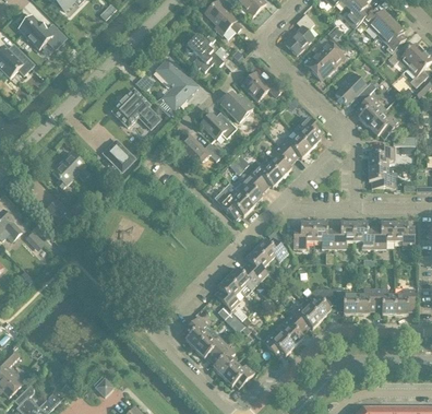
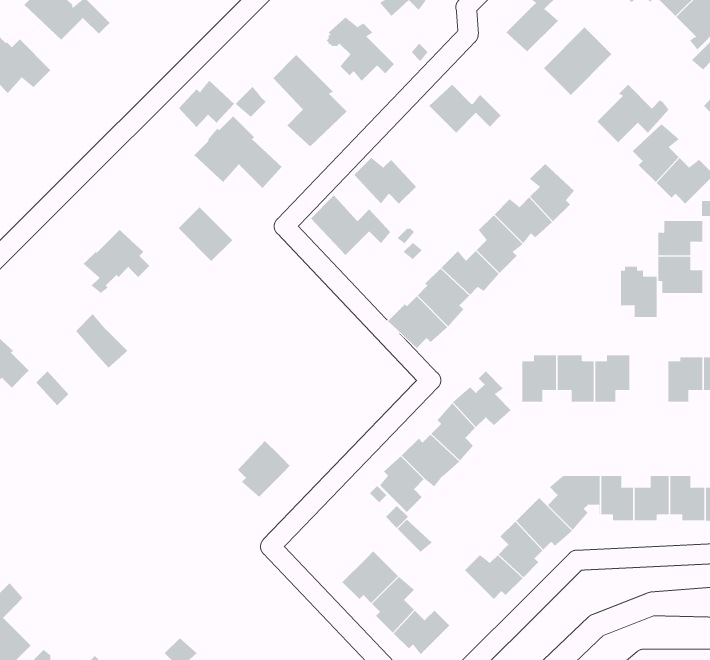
building: none -> [178,80,235,128]
building: [219,92,253,121] -> none
building: [352,220,373,248] -> [620,266,658,318]
building: [181,316,211,347] -> [237,440,291,498]

